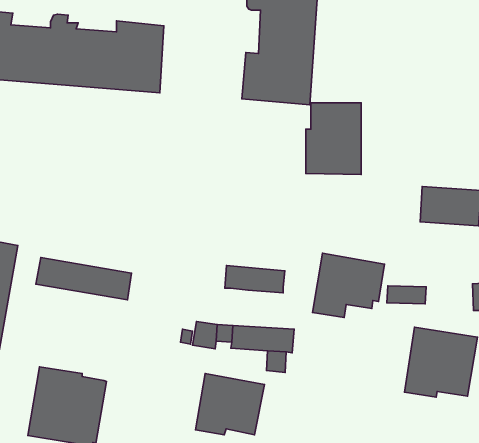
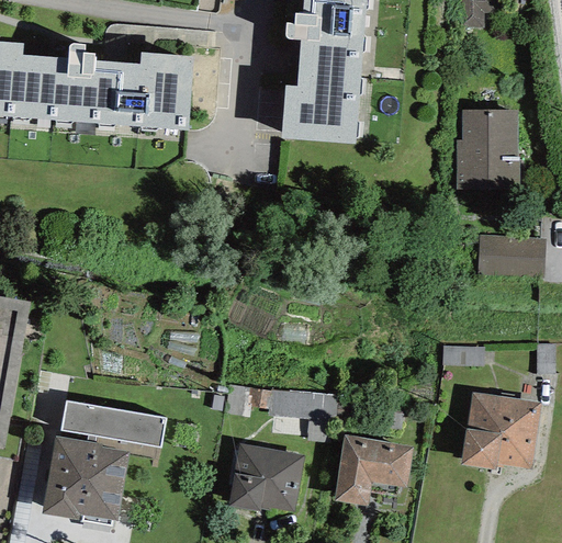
building: [306,103,361,175] -> [456,110,517,190]
building: [313,253,385,317] -> [333,434,413,506]
building: [36,257,132,300] -> [59,400,166,448]
building: [225,265,285,293] -> none

